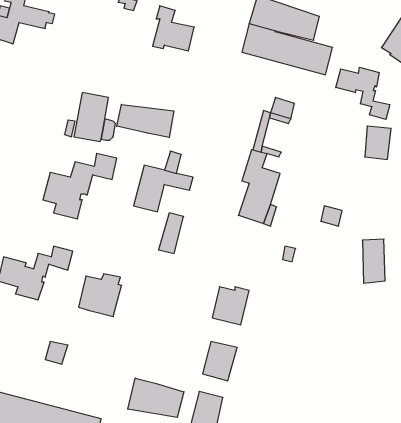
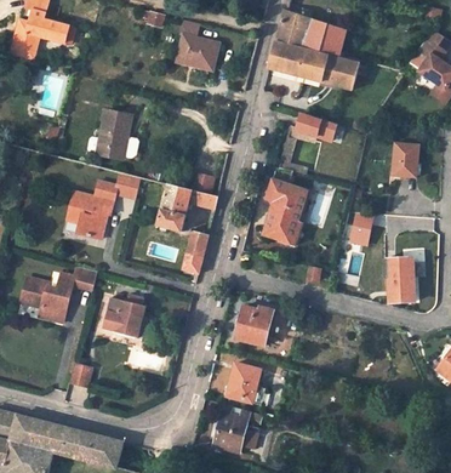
building: [336,67,390,119] -> none
building: [117,104,174,138] -> none
building: [128,378,184,417] -> none

